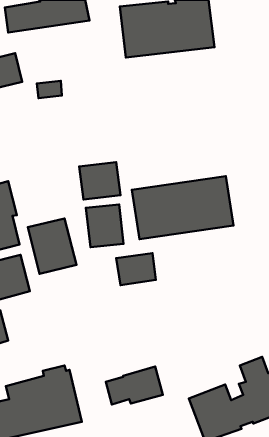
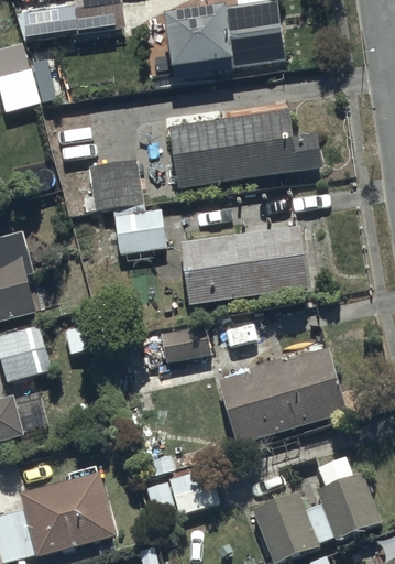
building: none -> [168,109,321,189]
building: none -> [88,160,140,210]
building: [86,205,124,247] -> none
building: [28,218,76,274] -> none
building: none -> [218,347,347,445]

